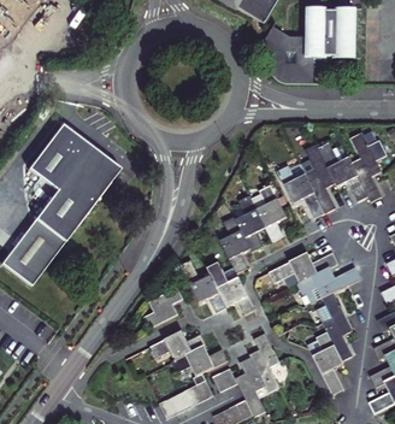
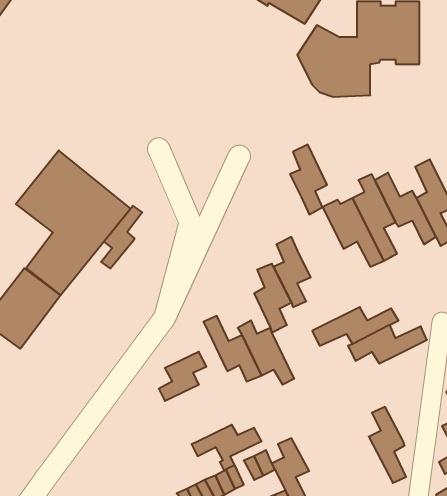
building: none -> [101,206,142,268]
building: [258,184,288,241] -> [290,145,327,215]
building: [323,292,354,360] -> none
building: [151,330,206,361] -> none
building: [250,334,281,393] -> none

